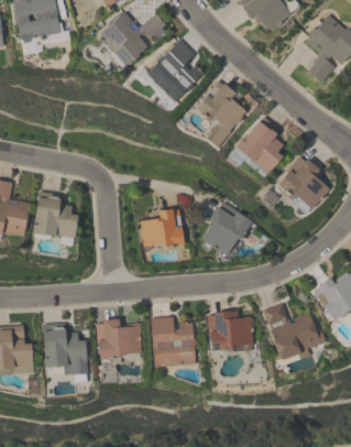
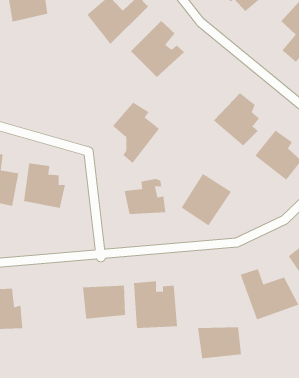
building: [196,83,246,149] -> [112,102,160,164]
building: [207,315,254,349] -> [197,327,242,359]
building: [43,323,88,375] -> none

